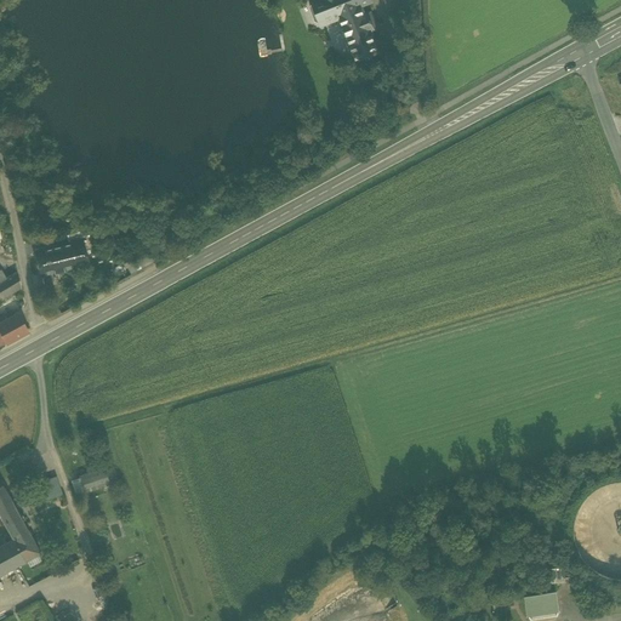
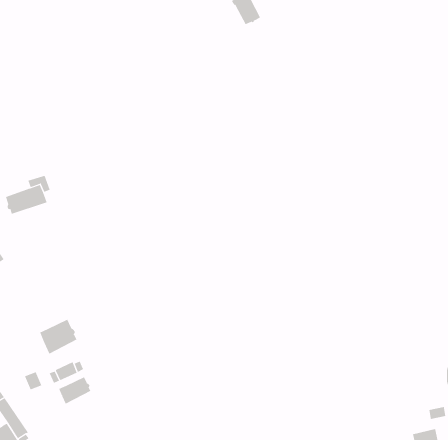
building: none -> [39,319,77,354]
building: none -> [59,376,91,404]

